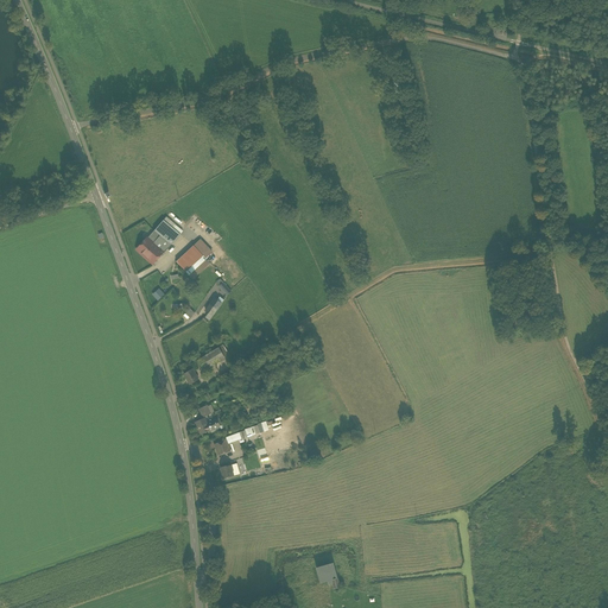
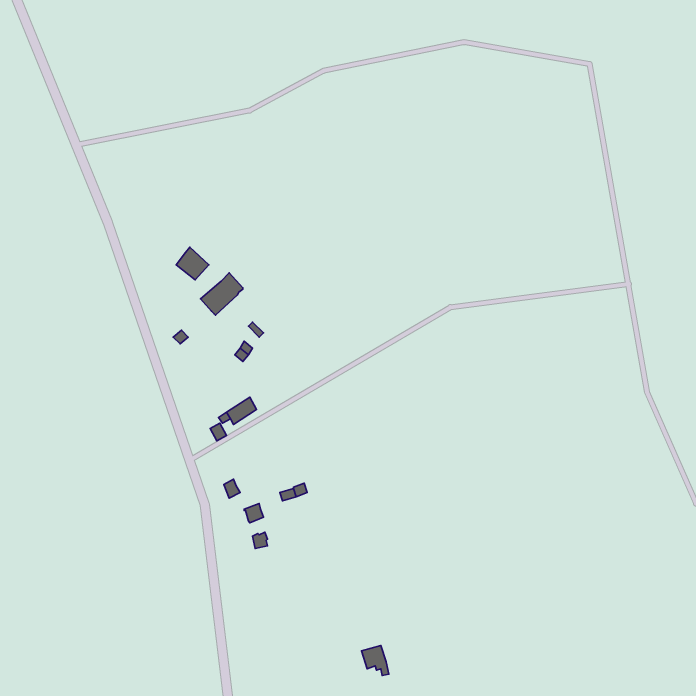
building: [137,230,170,262] -> none

